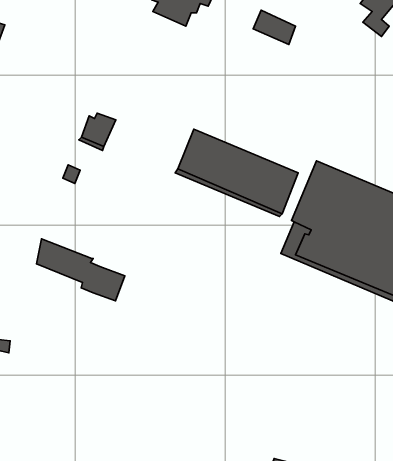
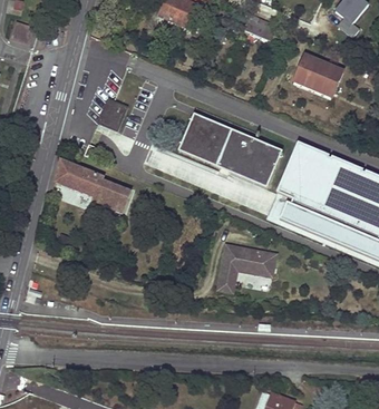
building: none -> [294,55,342,96]
building: [36,239,125,301] -> [56,162,130,214]
building: none -> [218,244,278,292]

